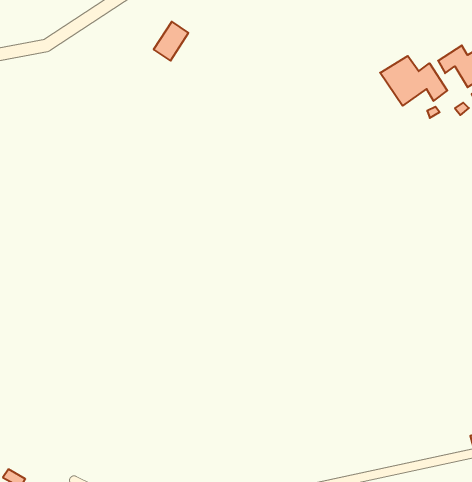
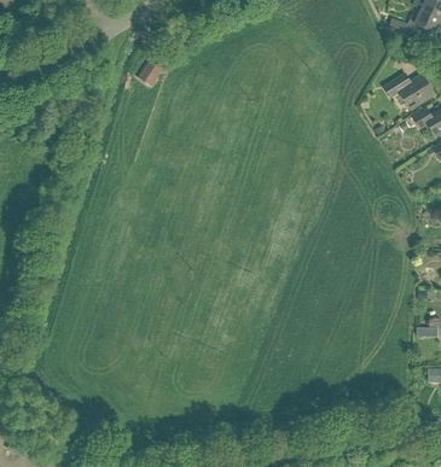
building: [380,56,447,106] -> none

